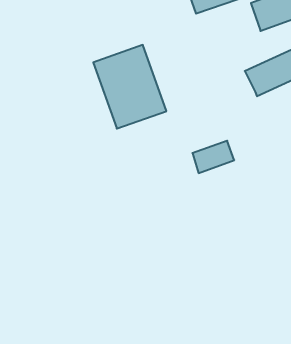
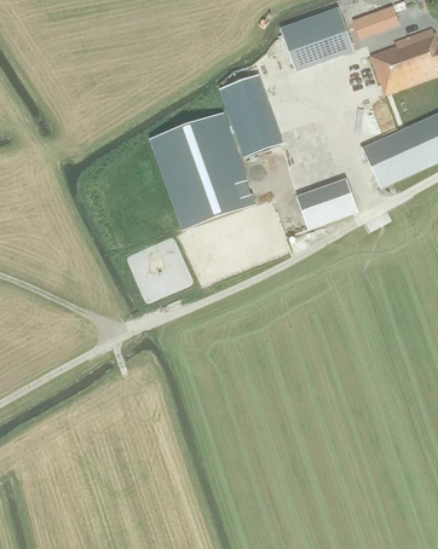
building: none -> [218,75,282,157]
building: [192,141,234,173] -> [299,184,357,229]

